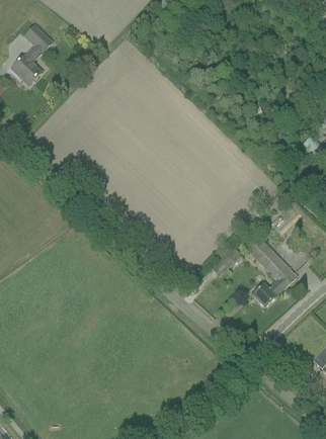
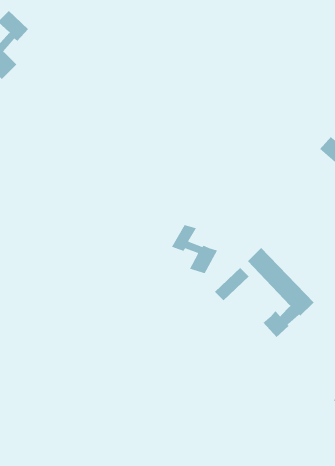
building: none -> [171,224,218,274]

